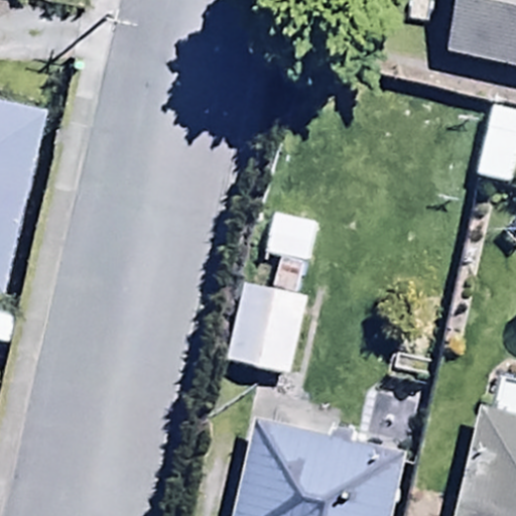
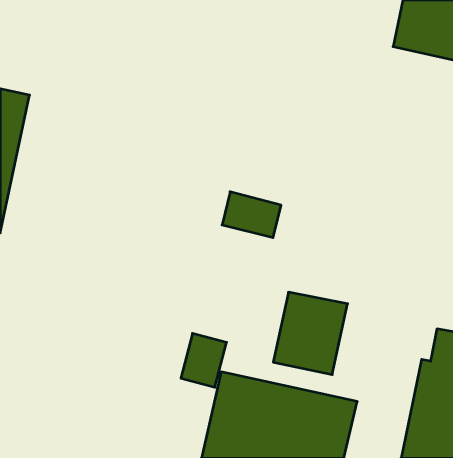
building: [225,283,308,376] -> [273,292,348,375]

